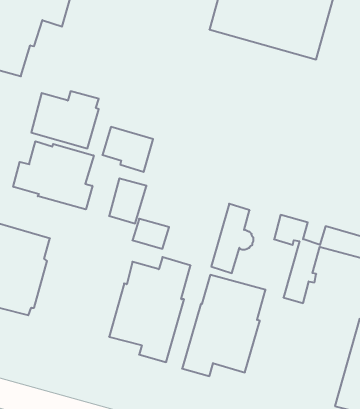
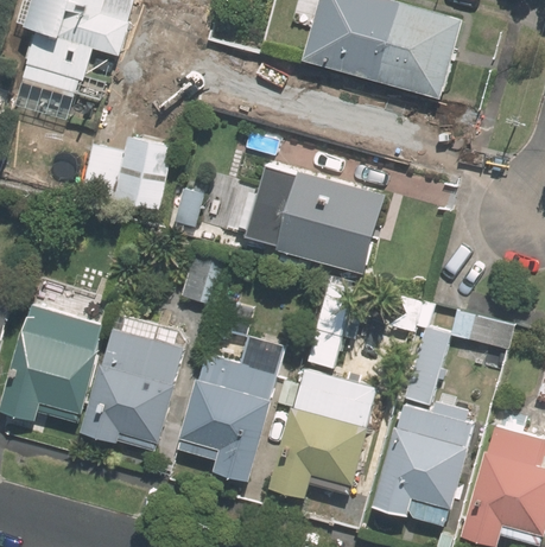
building: none -> [256,164,387,273]
building: [13,141,94,209] -> none
building: none -> [82,316,176,452]
building: none -> [374,401,469,524]

